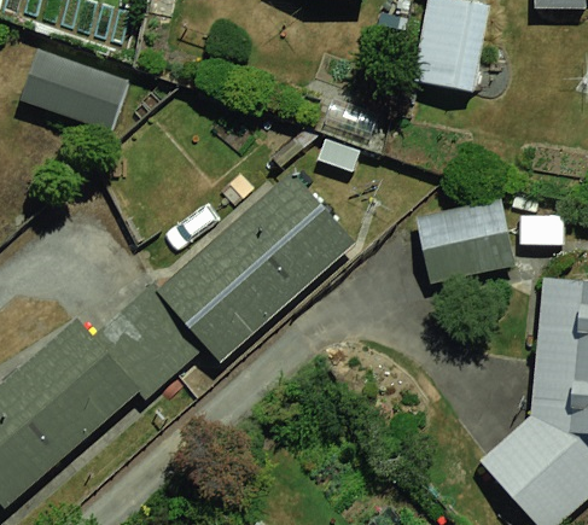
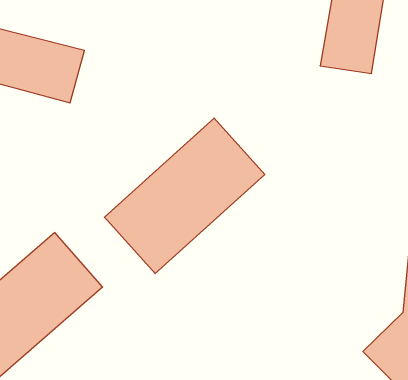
building: [398,196,512,285] -> none

